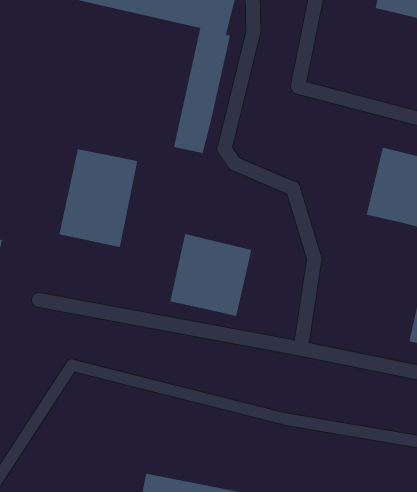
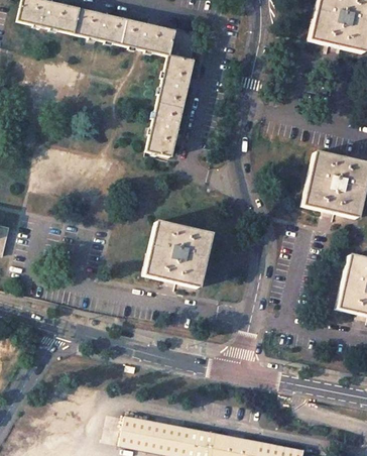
building: [59,148,138,248] -> none

